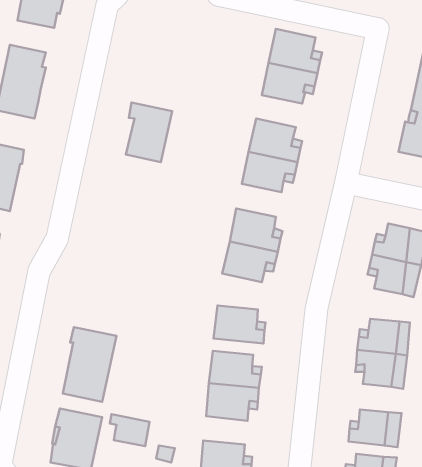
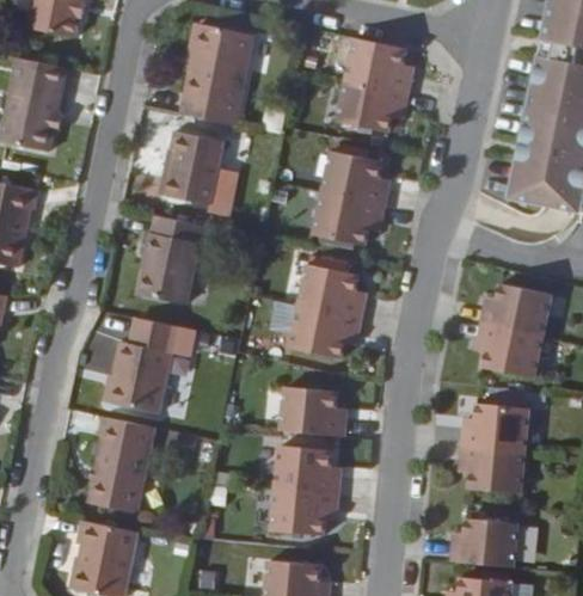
building: none -> [180,24,256,127]
building: none -> [137,215,202,303]
building: none -> [108,318,174,411]
building: [110,414,149,446] -> none

